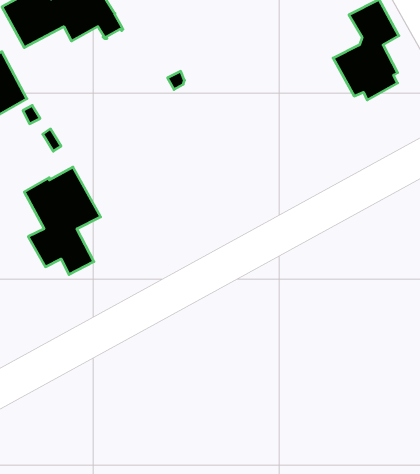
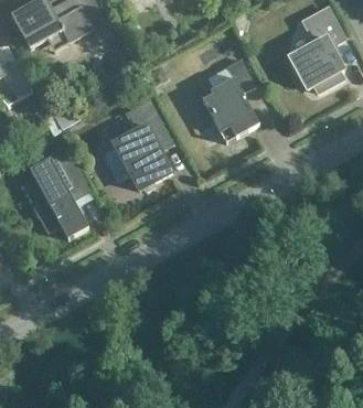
building: none -> [199,57,258,141]
building: none -> [102,98,171,191]

